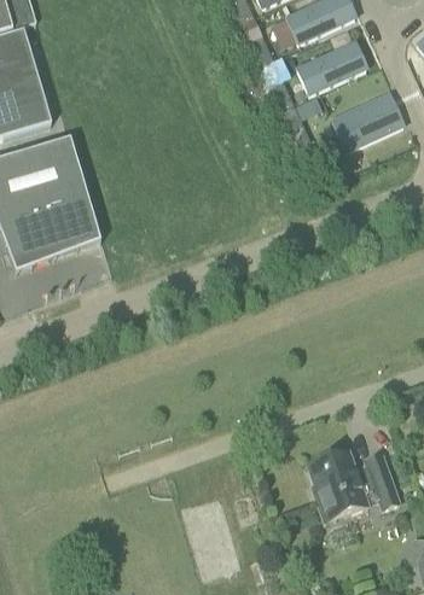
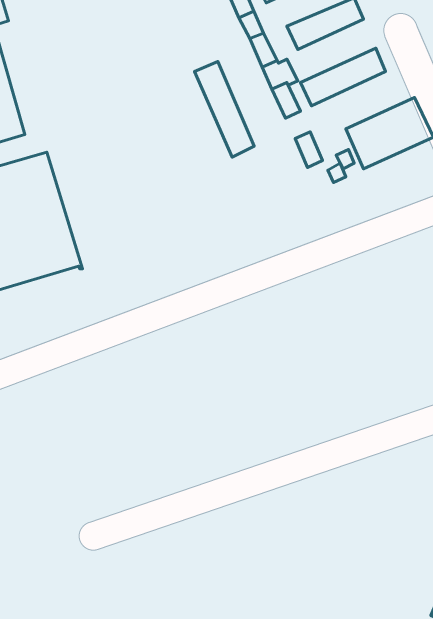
building: none -> [195,62,254,157]
building: [306,450,397,520] -> none

